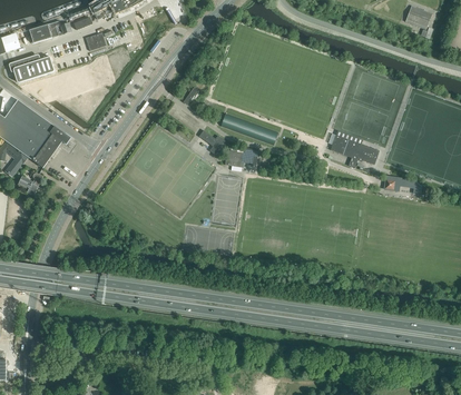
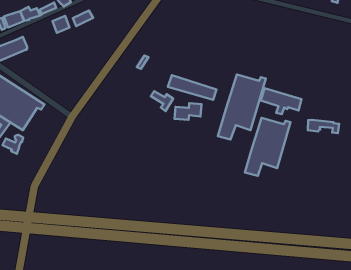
building: none -> [218,75,266,139]
building: none -> [245,118,291,176]

